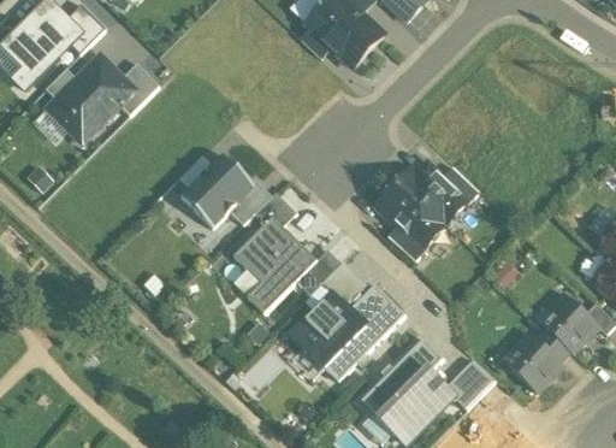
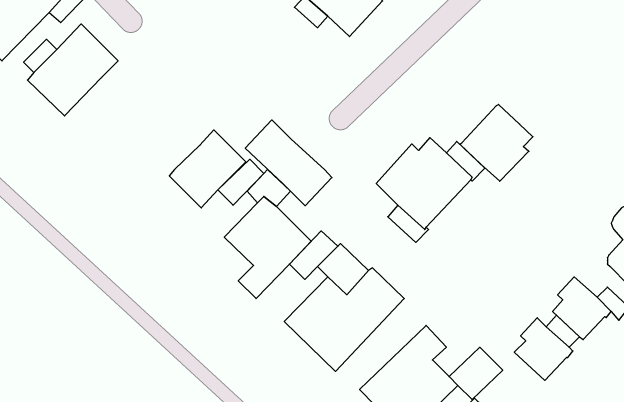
building: [117,63,158,116] -> none
building: none -> [460,104,533,181]
building: none -> [245,120,332,206]

